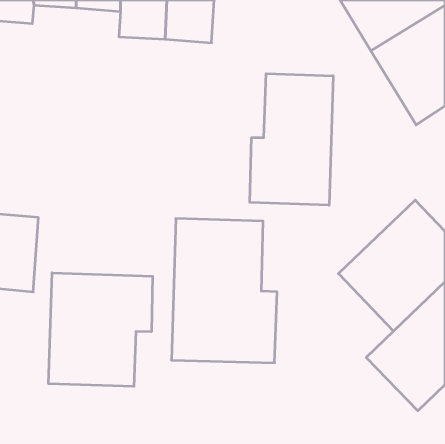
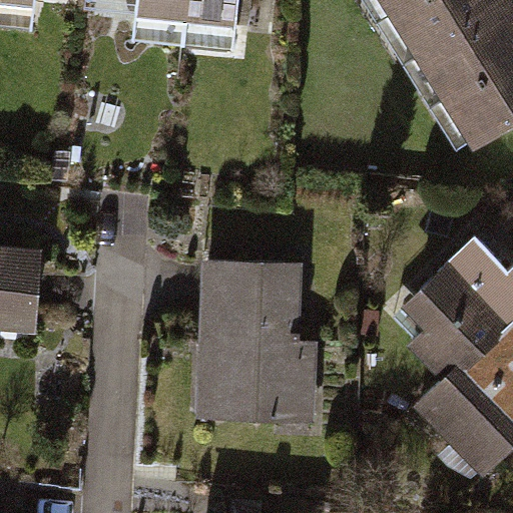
building: [250,74,333,205] -> none
building: [49,273,153,386] -> none

